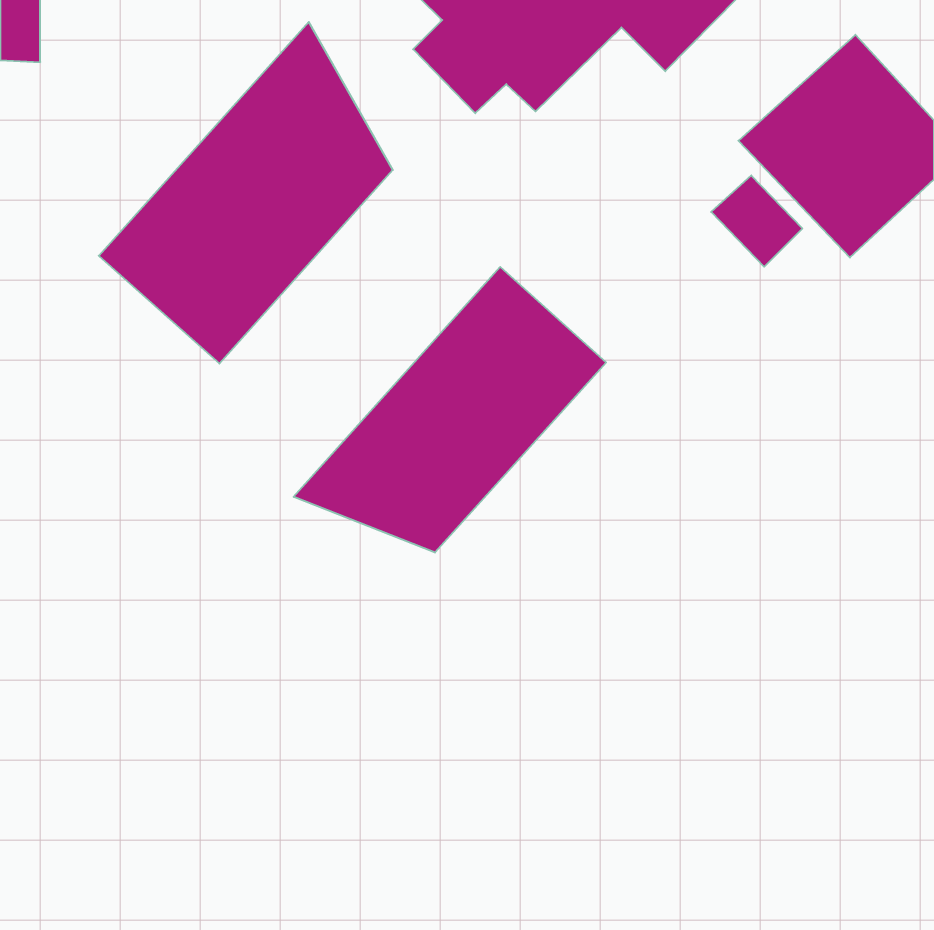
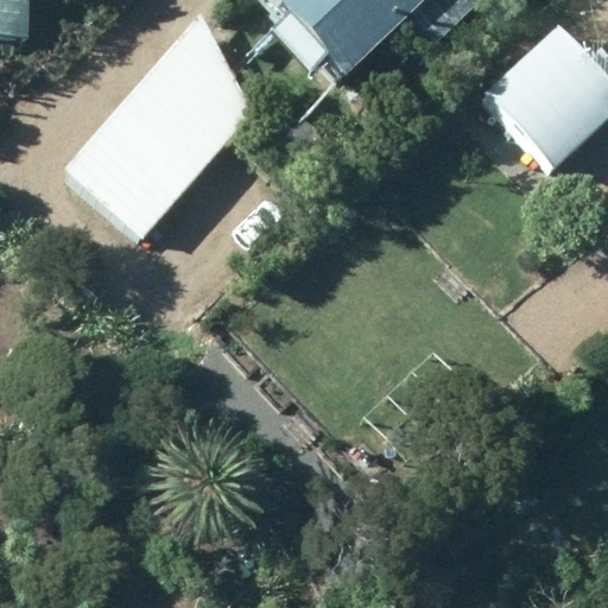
building: [294,267,606,553] -> none

